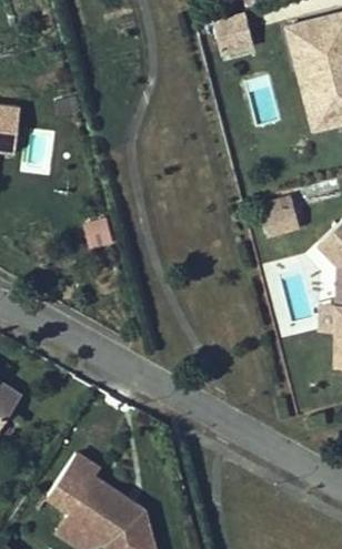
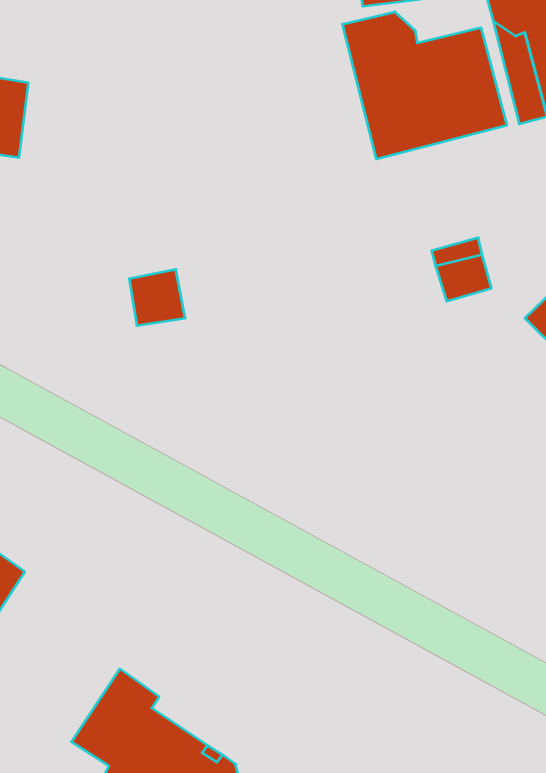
building: none -> [342,12,507,159]

